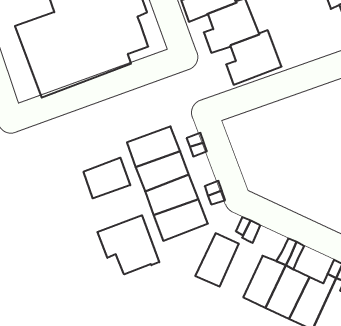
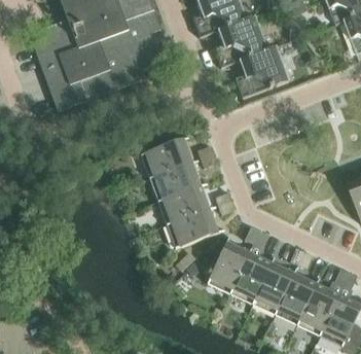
building: [84,158,130,198] -> none
building: [97,215,159,274] -> none
building: none -> [229,251,270,303]

